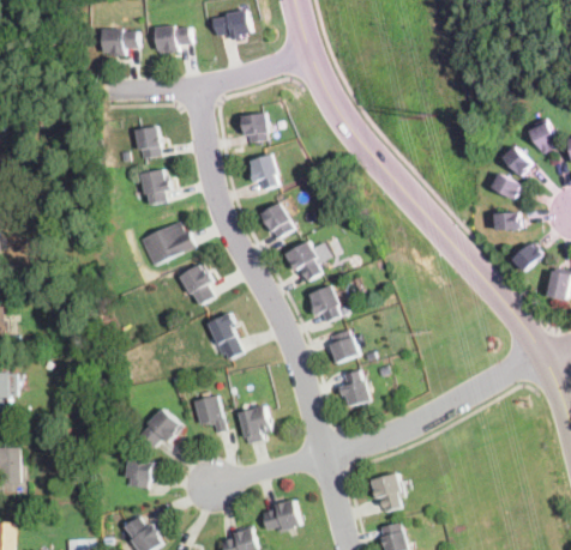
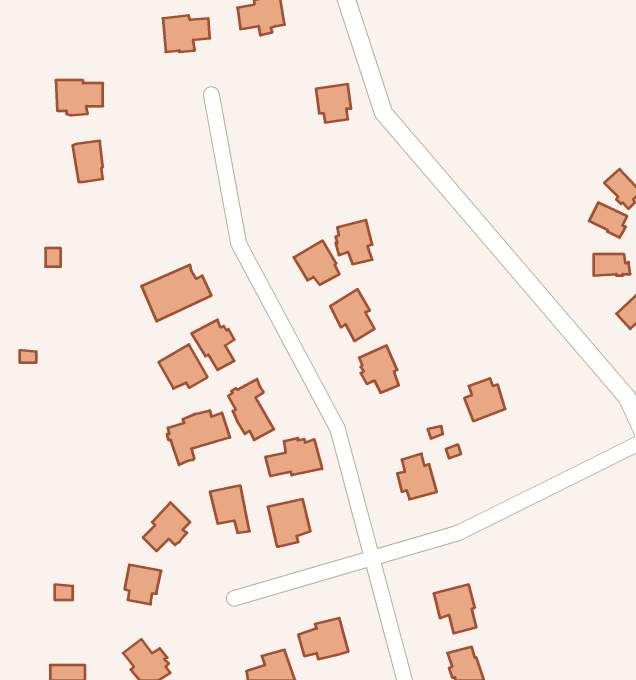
building: [102,29,139,56] -> [56,80,103,115]
building: [241,113,269,143] -> [316,84,351,122]
building: [134,126,158,158] -> [73,141,103,182]
building: [251,155,280,189] -> [336,220,372,264]
building: [139,169,170,205] -> none
building: none -> [159,344,207,389]
building: [327,331,360,364] -> [464,378,505,421]
building: none -> [167,410,230,465]
building: none -> [266,438,322,476]

